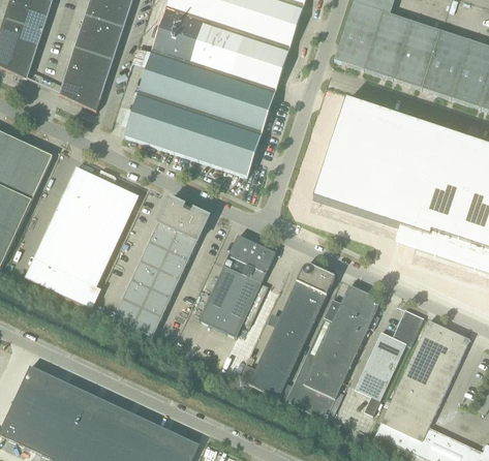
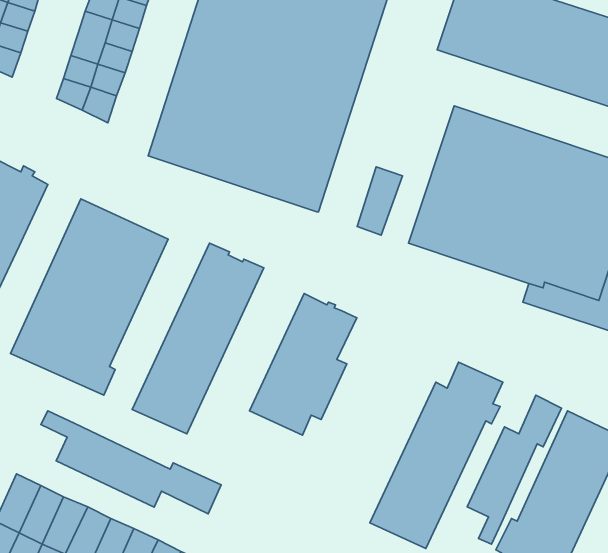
building: none -> [357,167,402,235]
building: [249,264,336,396] -> none
building: none -> [41,411,221,514]

